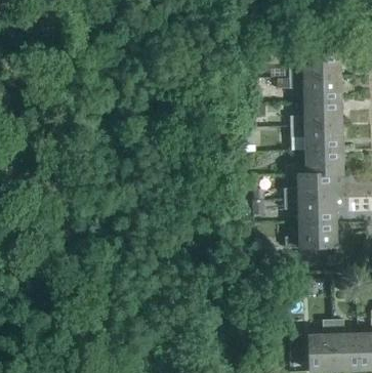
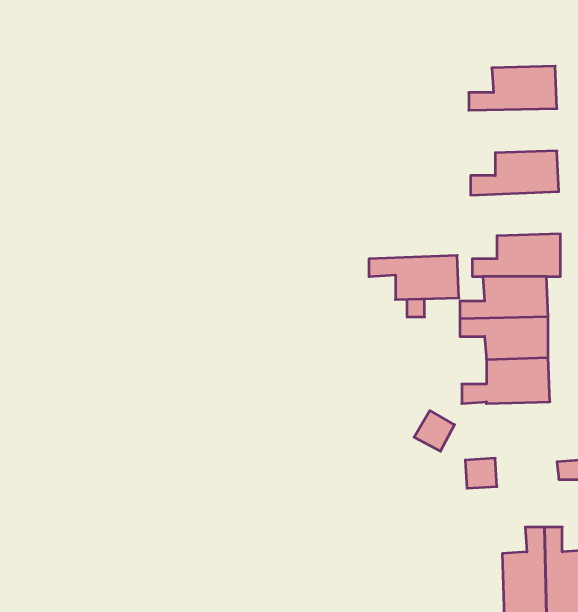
building: [290,77,341,102] -> none
building: [291,125,343,151] -> [369,255,459,300]

